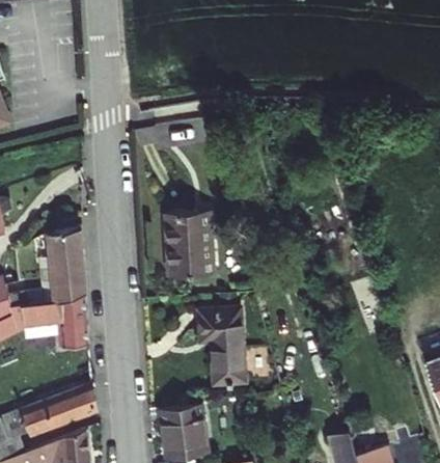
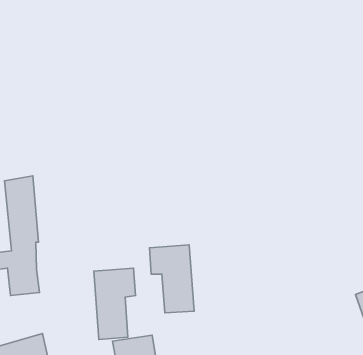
building: [166,202,214,267] -> none
building: none -> [94,268,136,340]

